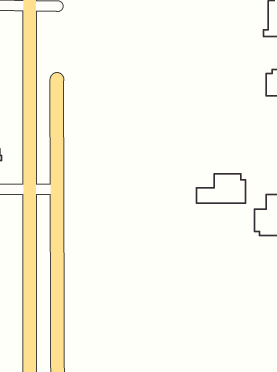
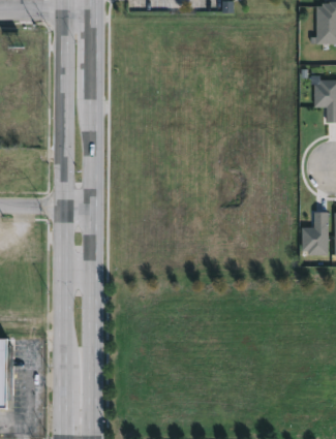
building: [197,174,246,203] -> none

